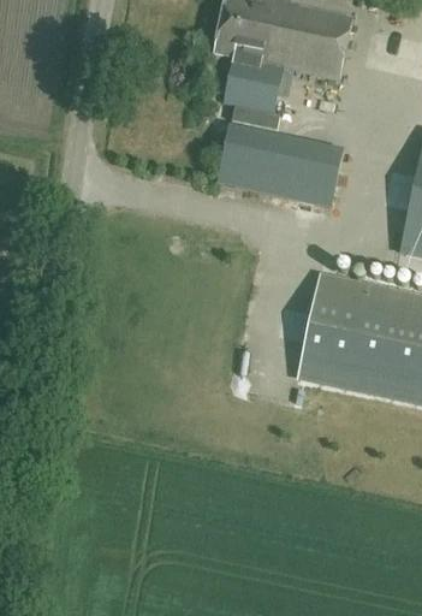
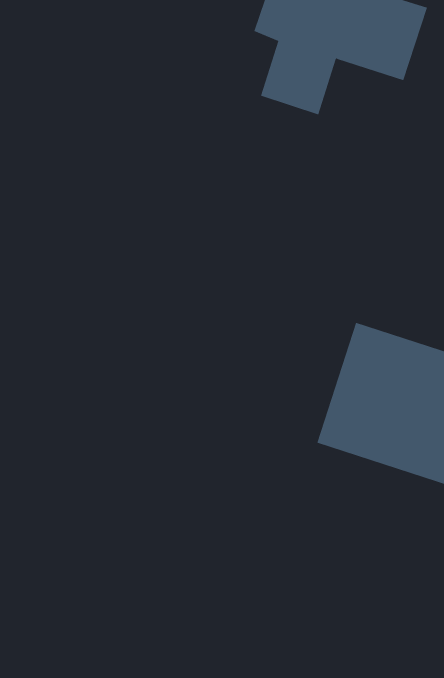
building: [218,123,343,205] -> none

